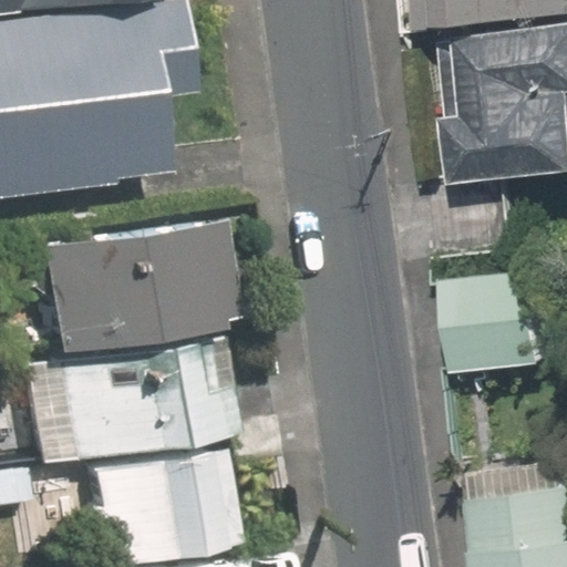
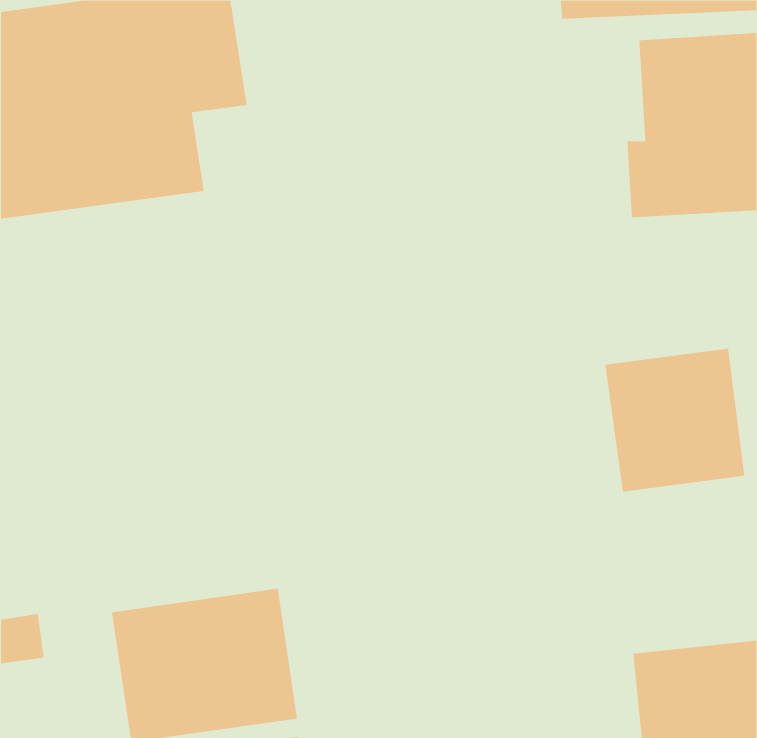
building: [27,224,233,349] -> none
building: [35,344,229,457] -> none

